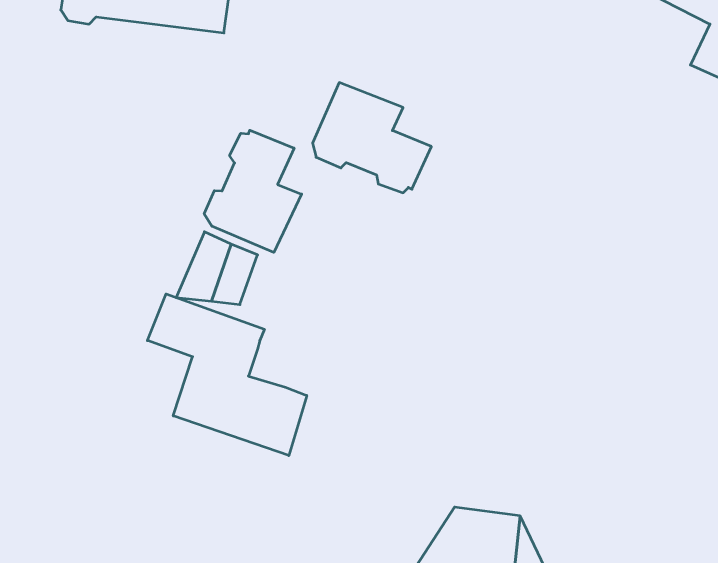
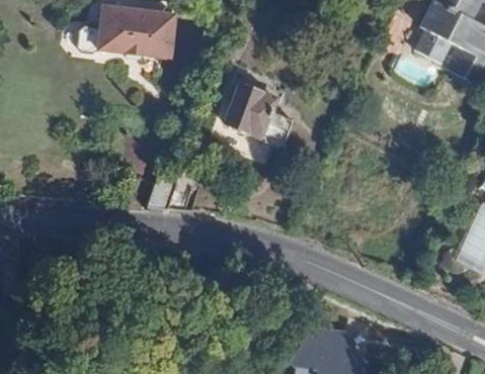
building: [204,130,302,252] -> none
building: [147,294,307,456] -> none

